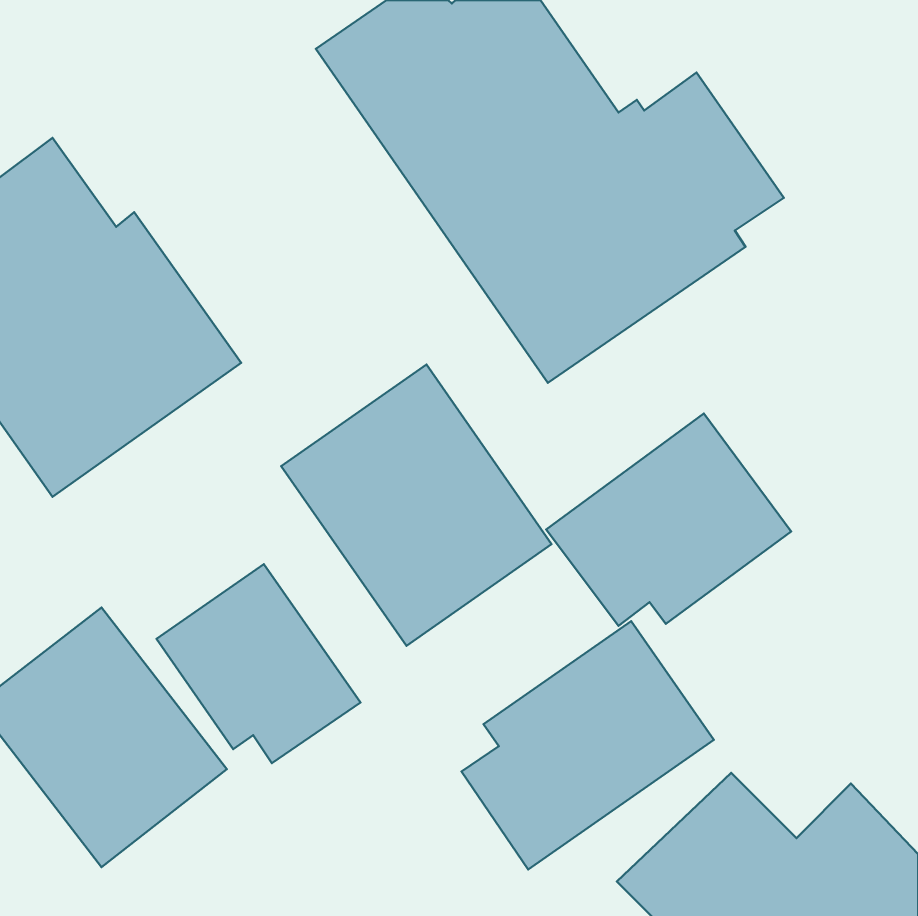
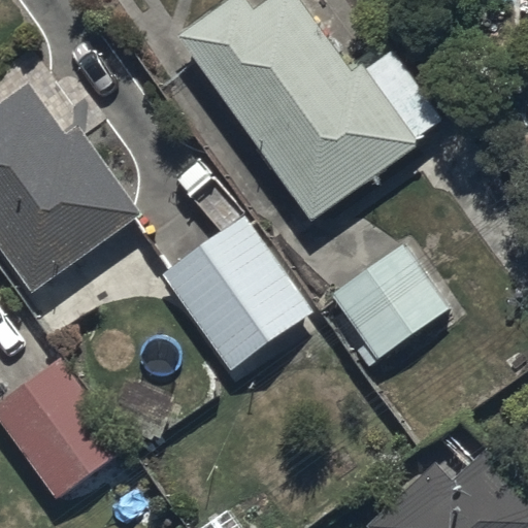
building: [157,564,361,763] -> none
building: [462,621,714,869] -> none

